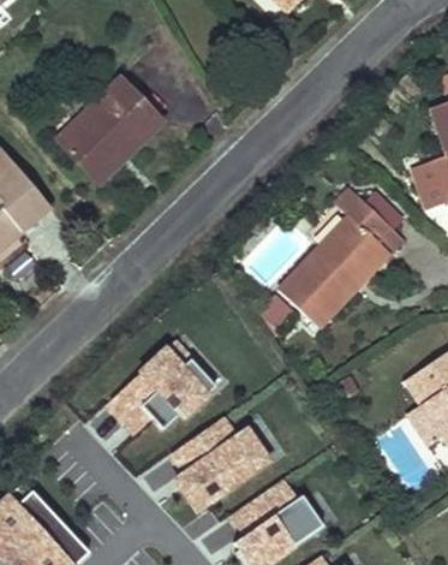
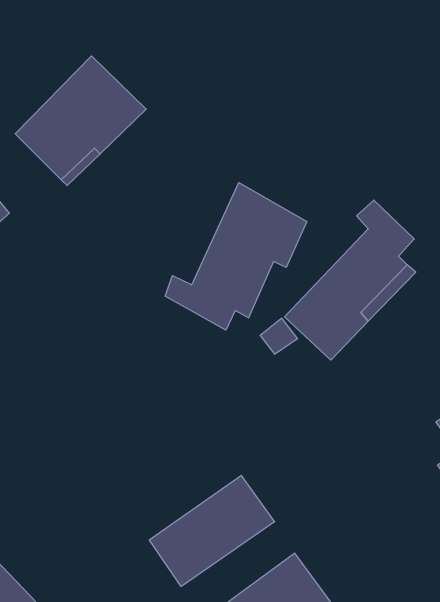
building: none -> [165,183,307,330]
building: [120,341,213,433] -> none

